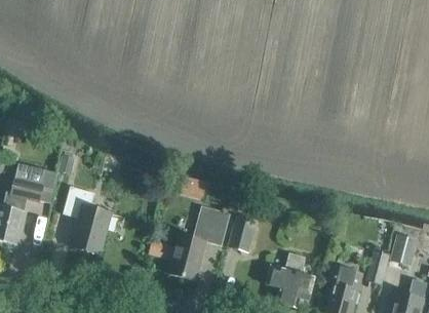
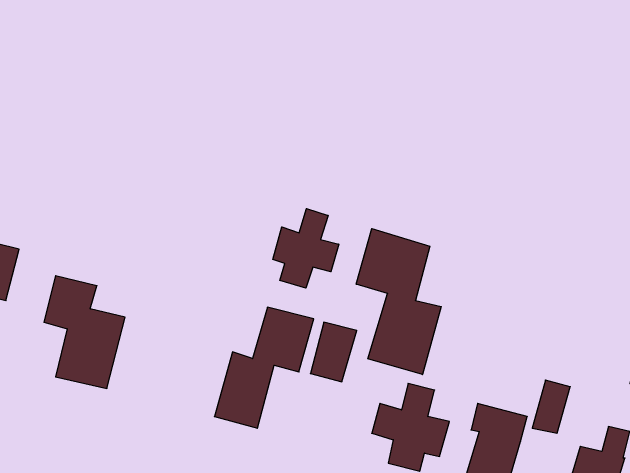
building: none -> [273,209,339,288]
building: none -> [356,229,441,375]
building: [390,235,417,266] -> none

